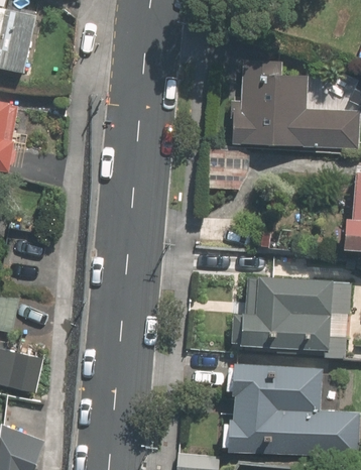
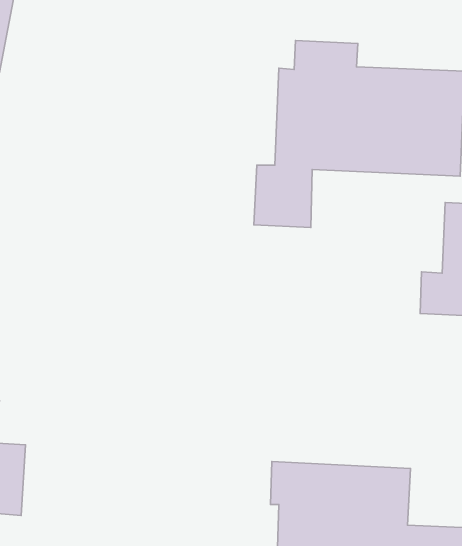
building: [228,278,352,353] -> none

